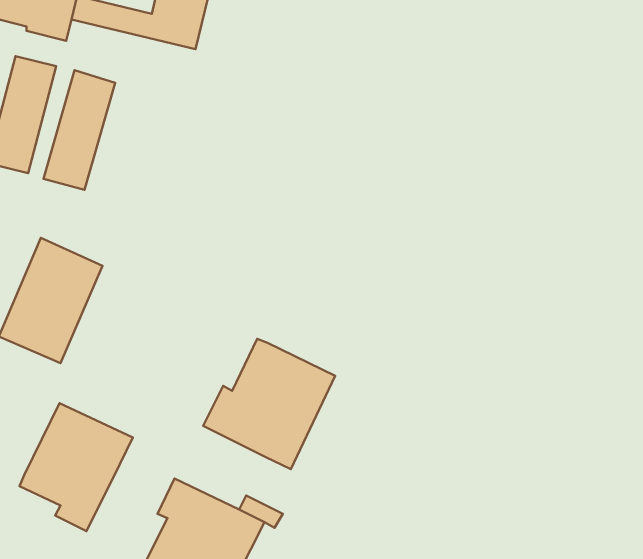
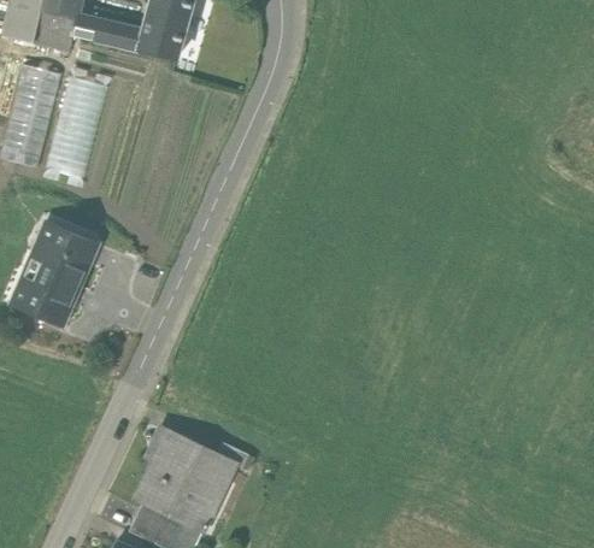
building: [203,339,335,469] -> none
building: [20,403,133,531] -> none

